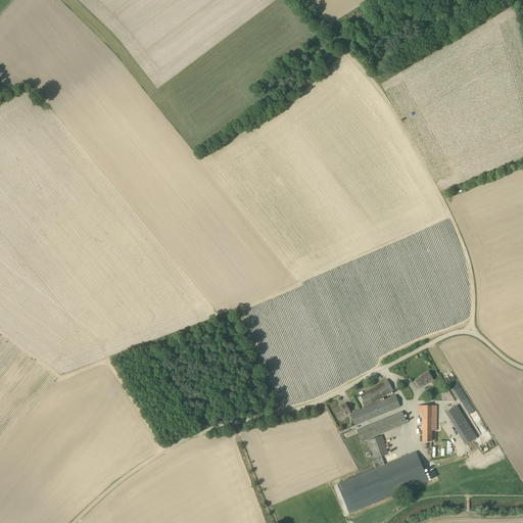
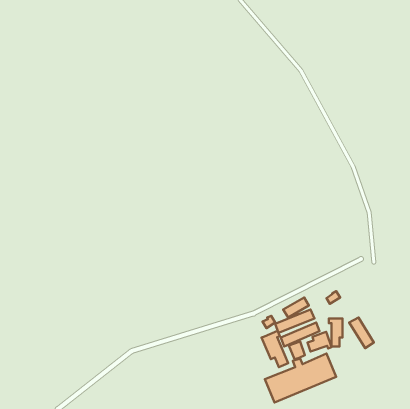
building: none -> [262,331,288,367]
building: none -> [307,332,332,352]

